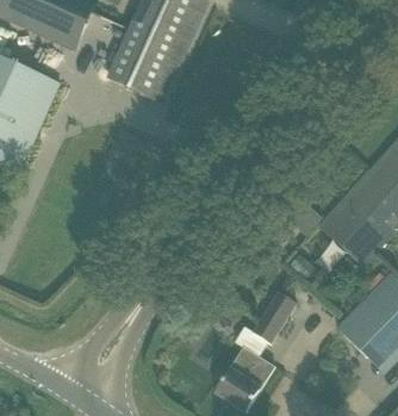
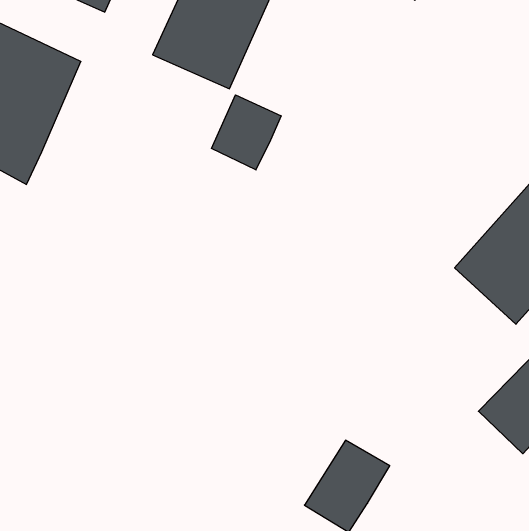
building: none -> [212,95,281,170]
building: [251,288,298,344] -> none

